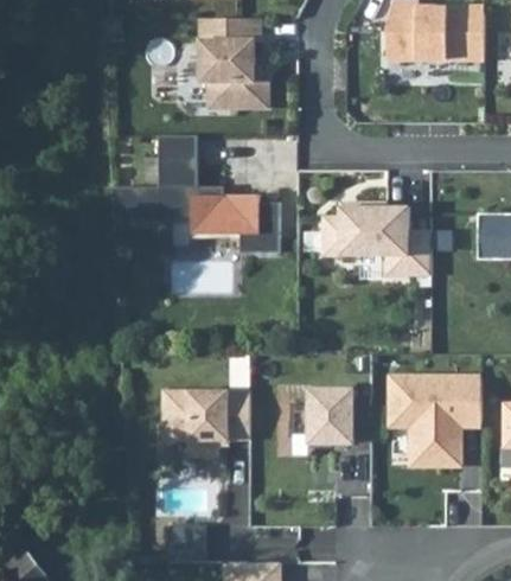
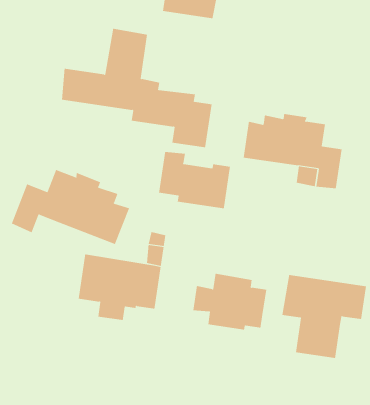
building: none -> [159,151,230,209]
building: none -> [11,169,130,245]

